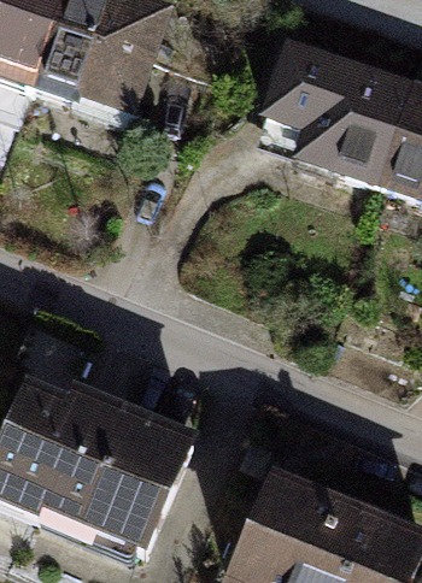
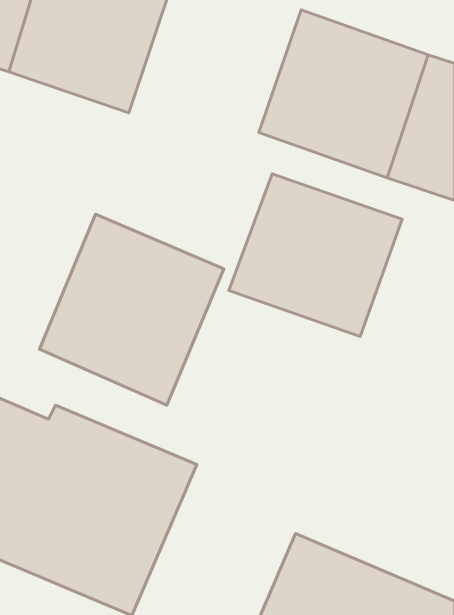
building: none -> [229,174,402,337]
building: none -> [39,214,224,405]

